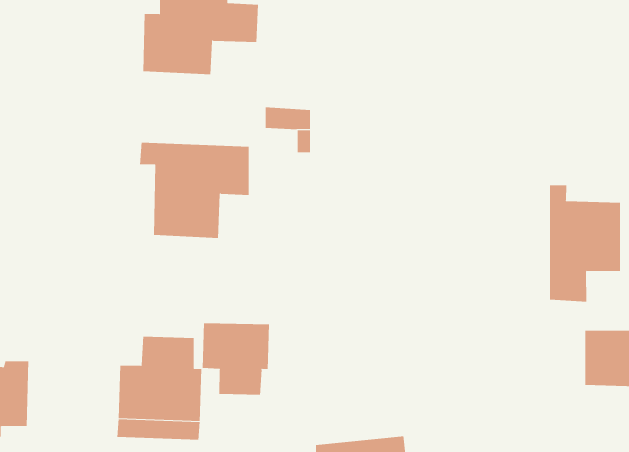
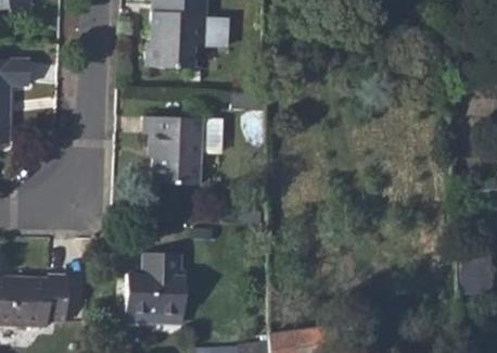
building: [549,184,621,302] -> none
building: [202,323,270,396] -> none

